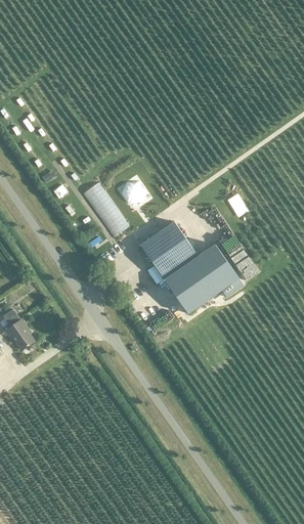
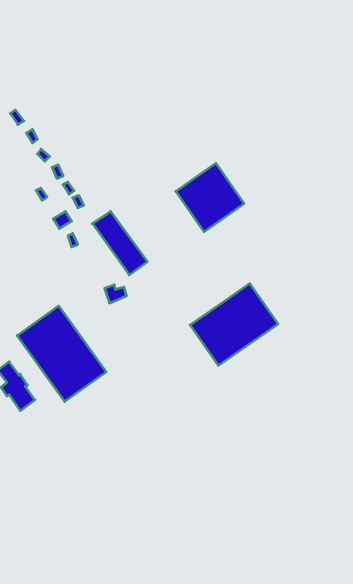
building: [140,221,198,278] -> [176,163,244,232]
building: none -> [17,306,106,402]

